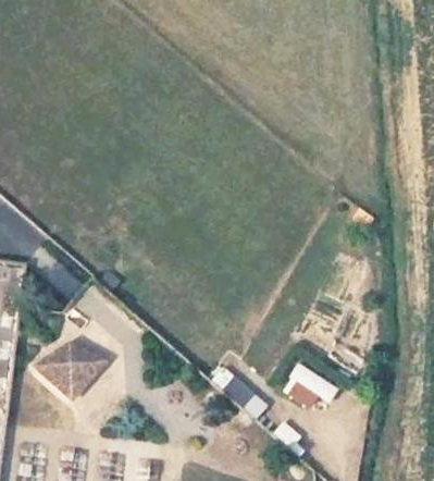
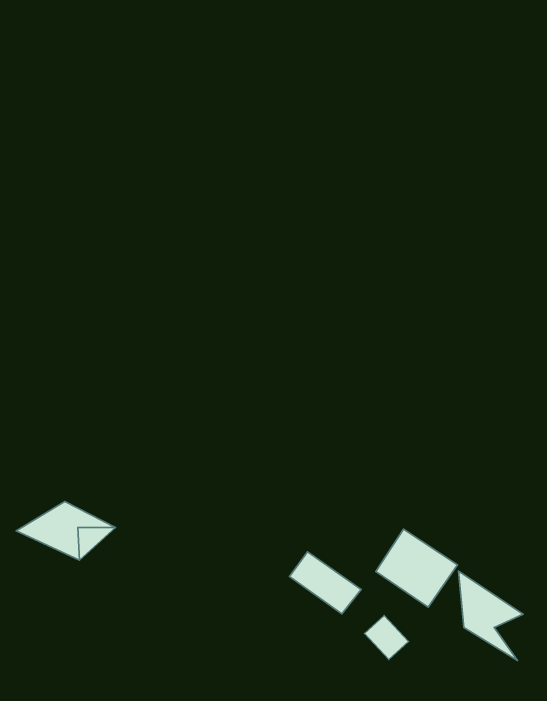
building: none -> [459,571,523,661]

